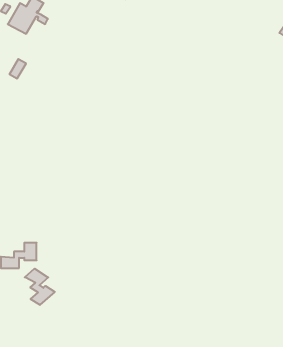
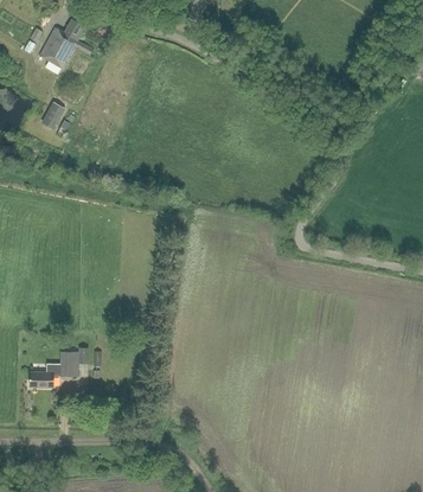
building: [25,269,55,305] -> none

